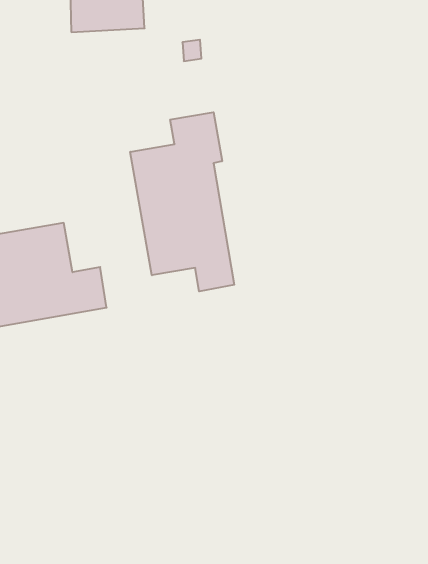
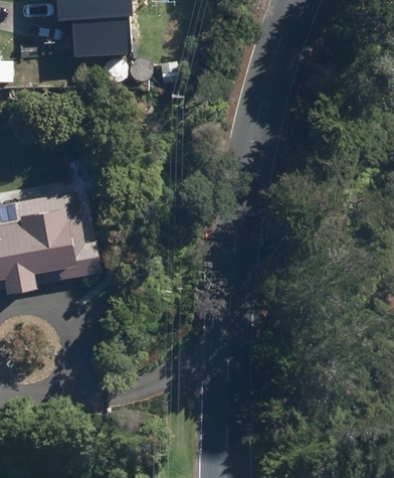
building: [130,112,234,291] -> none

